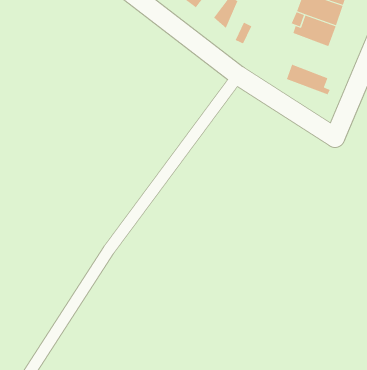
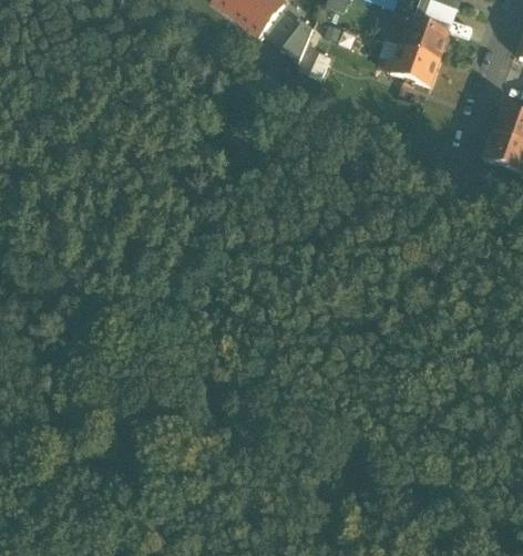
building: [286,64,330,95] -> none

